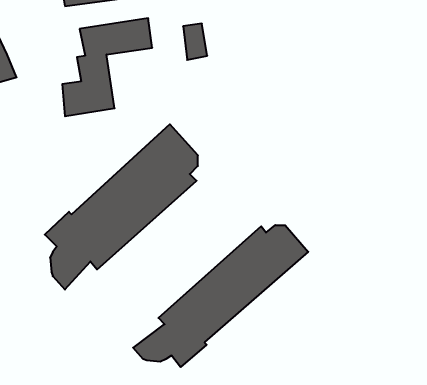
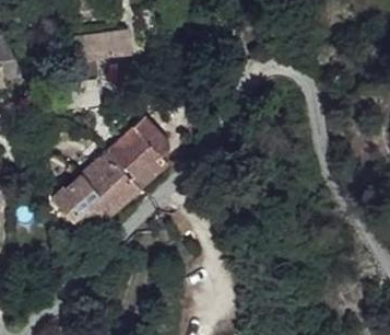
building: [133,225,308,367] -> none

